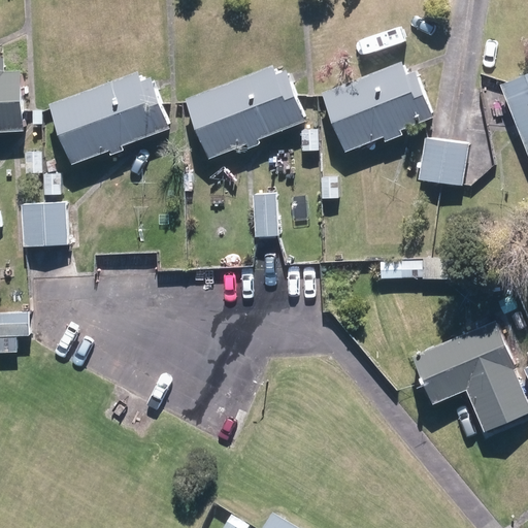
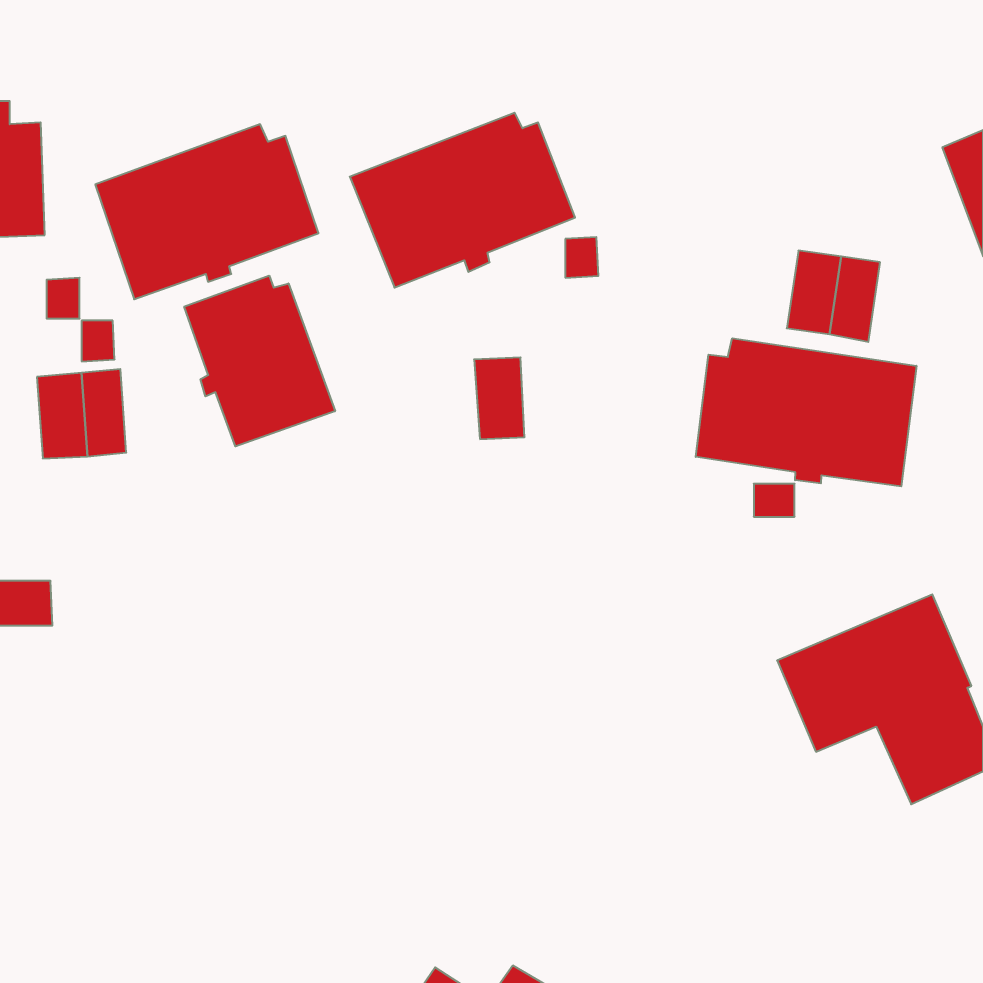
building: [323,62,432,152] -> none
building: none -> [184,276,335,446]
building: none -> [696,338,916,486]

